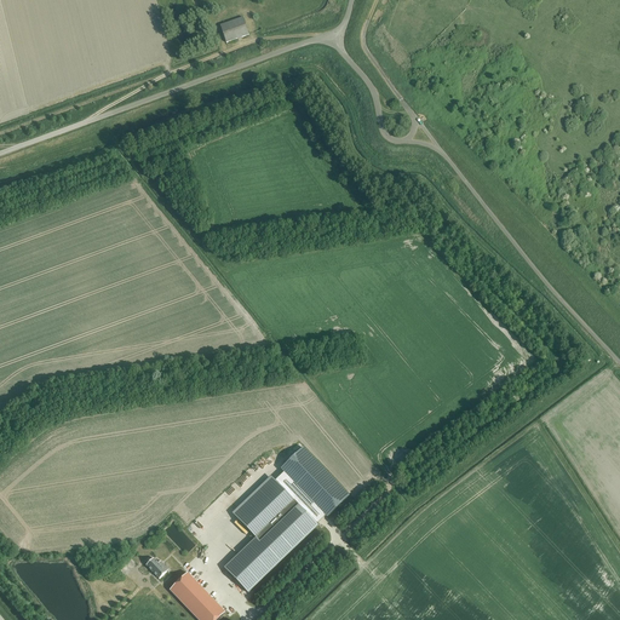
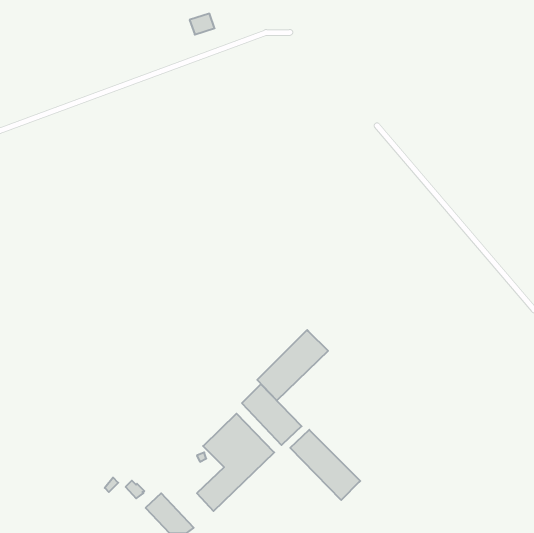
building: none -> [257,330,328,401]
building: none -> [290,430,360,500]

